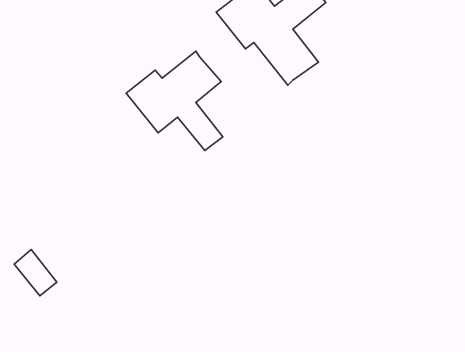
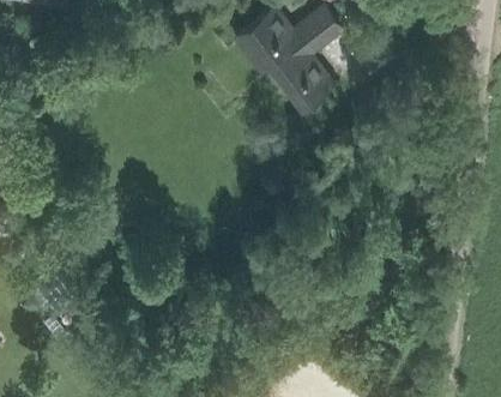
building: [126,51,223,151] -> none

